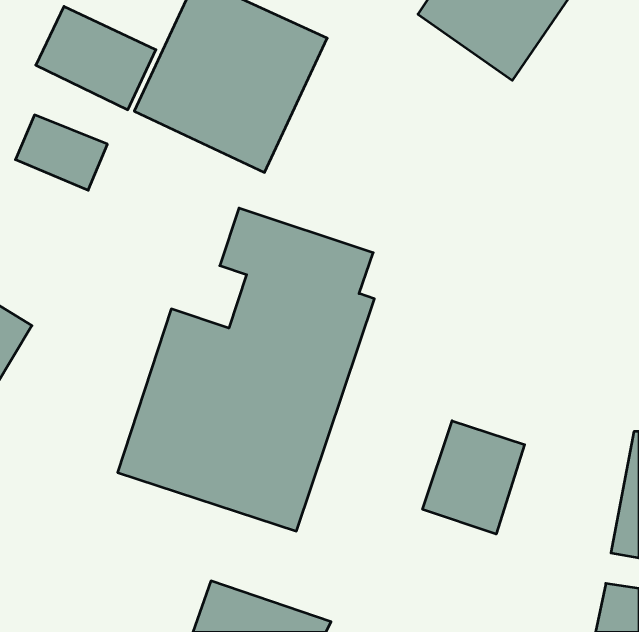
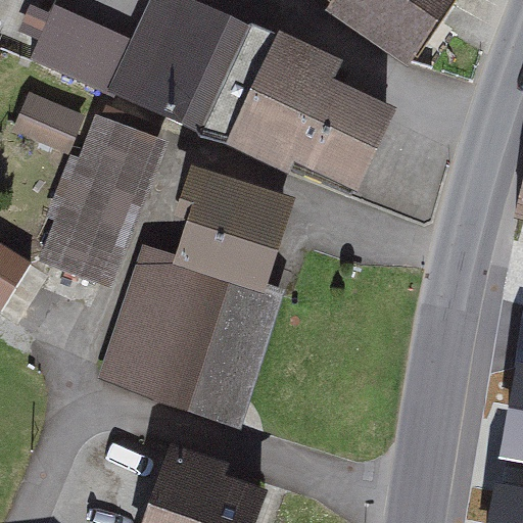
building: none -> [236,37,405,197]
building: none -> [34,113,165,288]
building: [423,421,525,534] -> none

